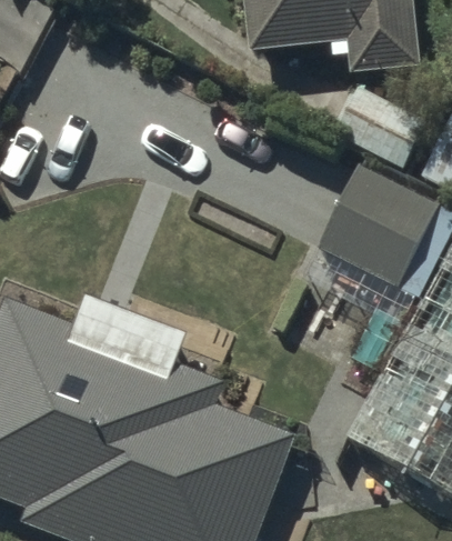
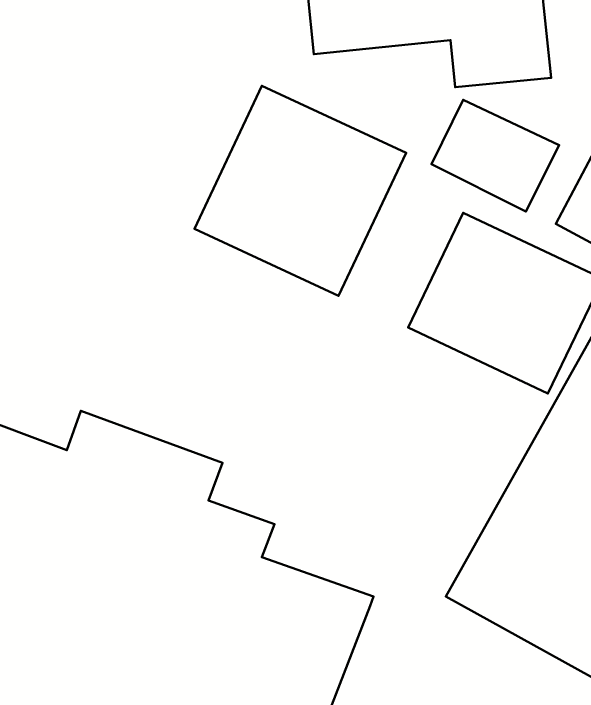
building: none -> [194,86,406,296]

